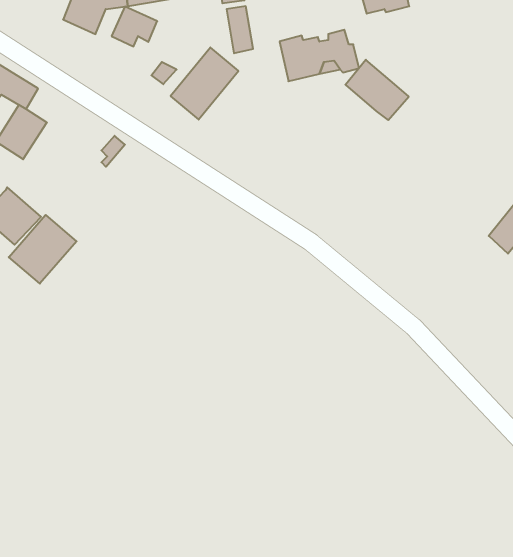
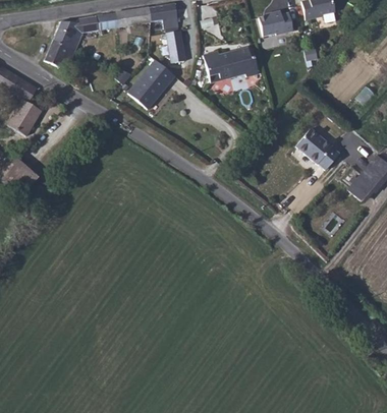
building: [112,7,157,46] -> [45,40,76,67]
building: [345,60,409,120] -> [296,128,340,170]
building: [9,215,77,284] -> none

